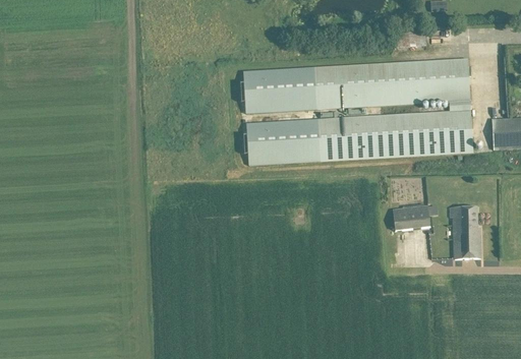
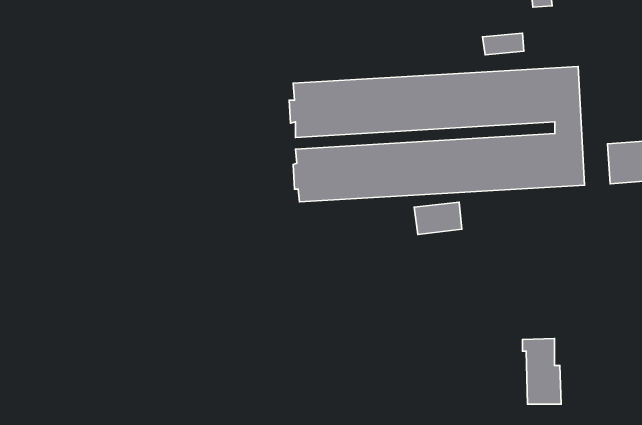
building: [393,204,430,230] -> [414,202,462,234]
building: [451,205,481,257] -> [522,338,561,404]

